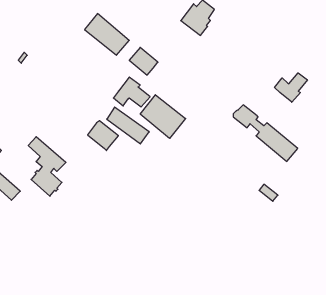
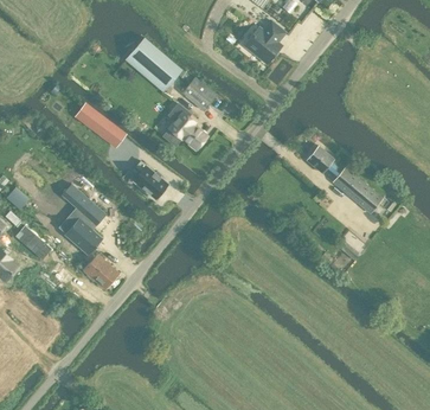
building: [275,73,307,102] -> none
building: [140,95,186,138] -> none
building: [107,107,149,144] -> [75,103,126,147]
building: none -> [83,254,120,289]

